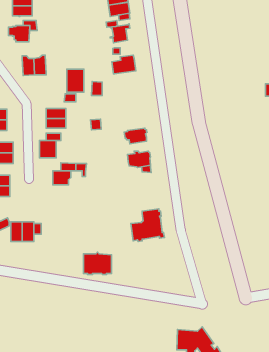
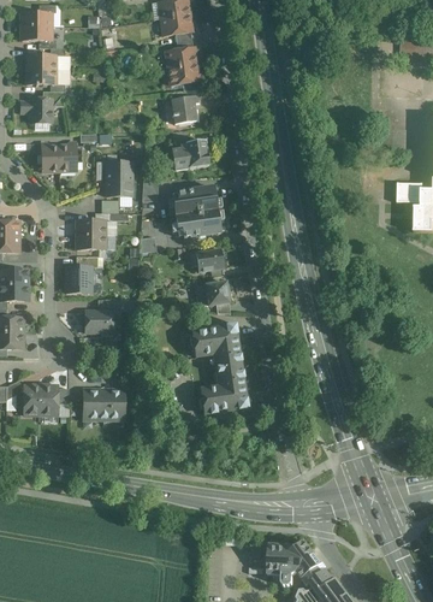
building: none -> [172,183,221,238]
building: none -> [191,323,242,370]
building: [83,252,111,274] -> [83,386,124,419]

